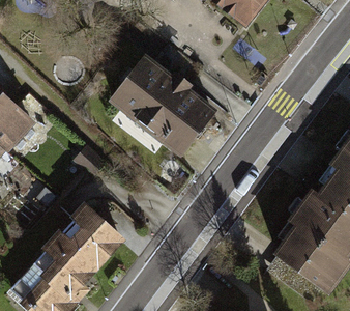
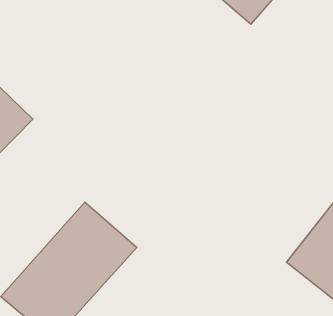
building: [111,51,222,156] -> none

